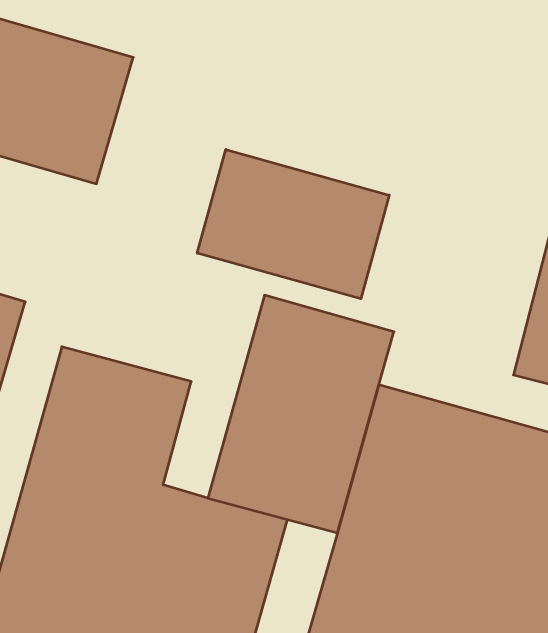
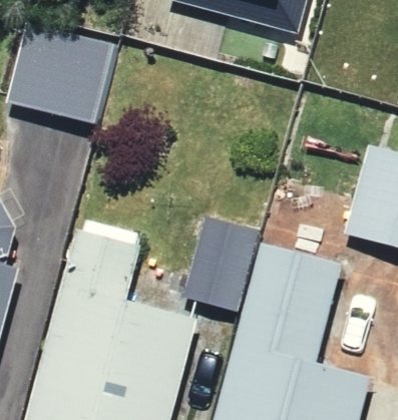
building: [197,149,389,299] -> none

